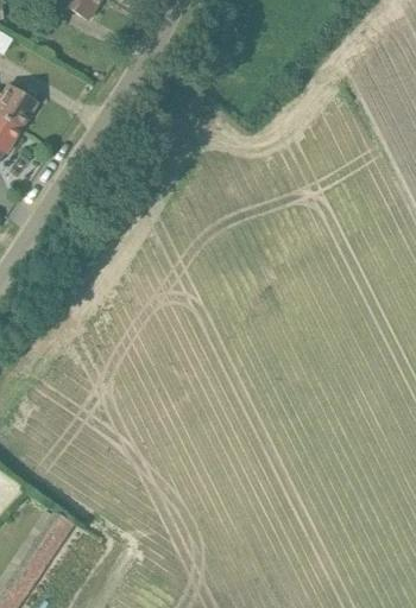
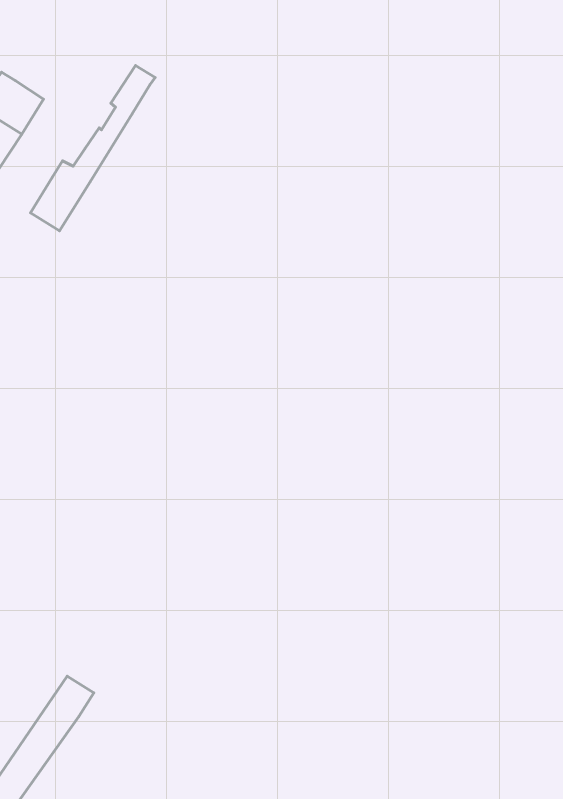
building: none -> [31,66,155,231]

